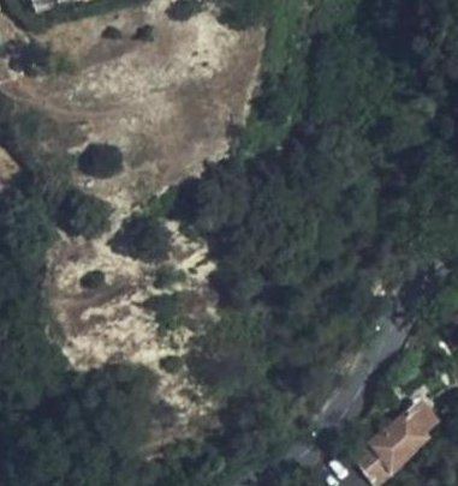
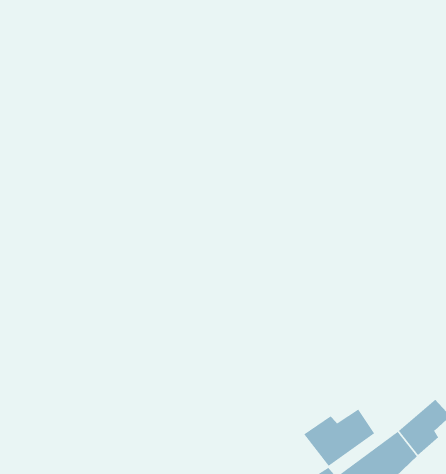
building: none -> [303,409,375,467]

